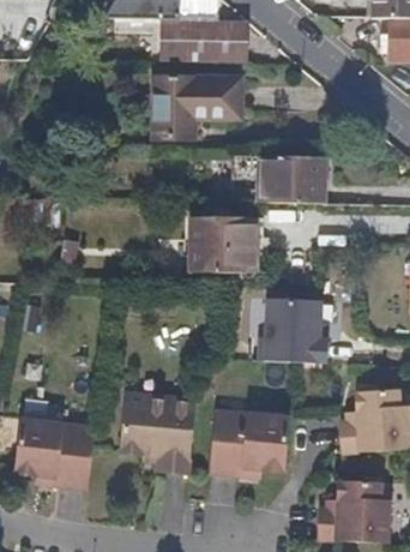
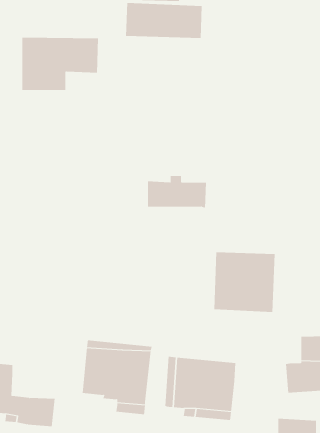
building: [161,79,246,138] -> [22,37,99,90]
building: [263,155,328,203] -> none
building: [186,246,251,275] -> none
building: [37,420,90,457] -> none

